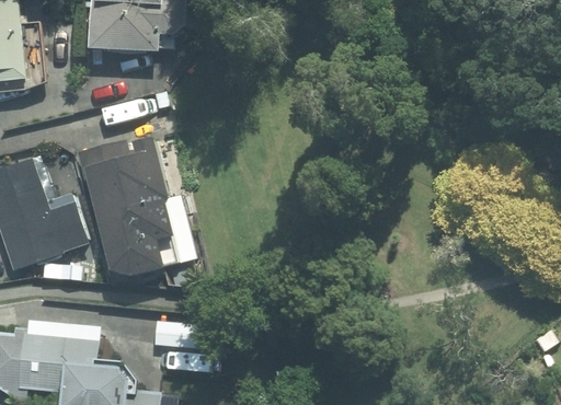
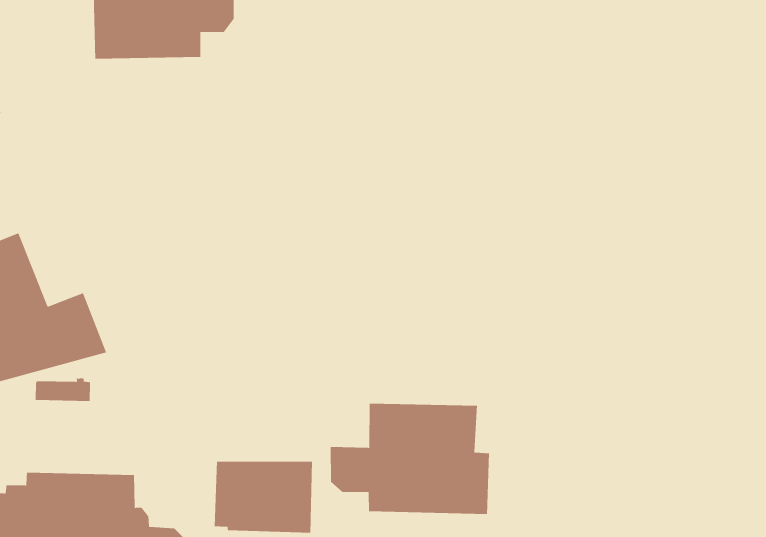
building: [75,140,174,278] -> none
building: none -> [330,403,490,515]

